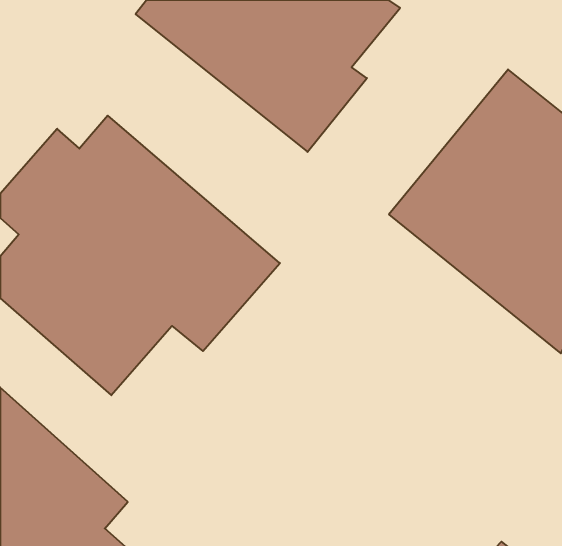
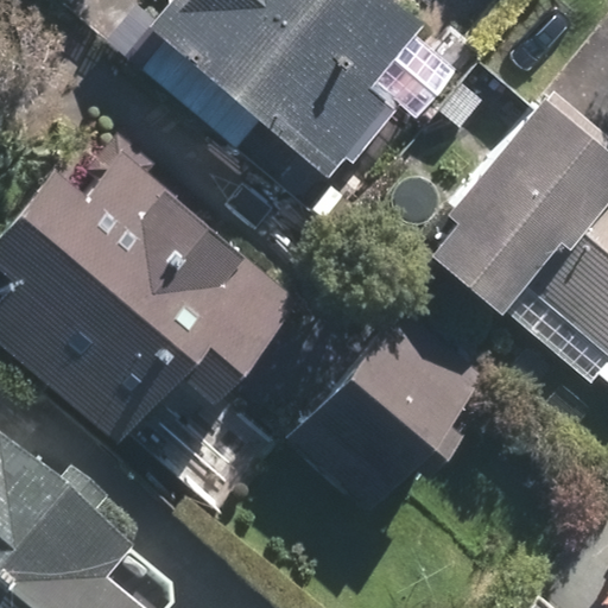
building: none -> [286,308,498,522]

